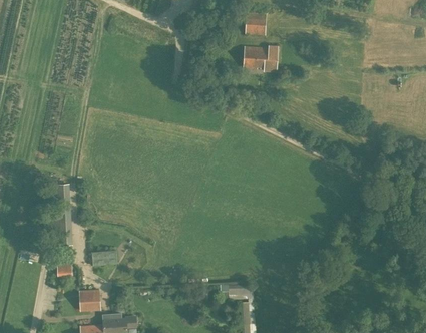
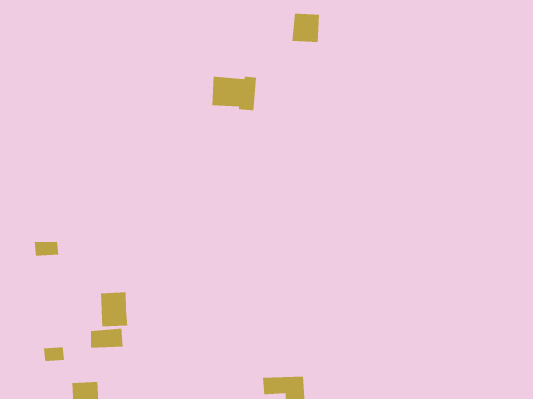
building: [243,46,277,72] -> [212,76,257,111]
building: none -> [100,292,128,327]

